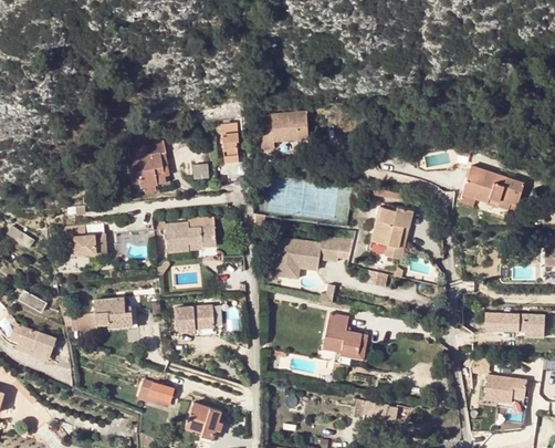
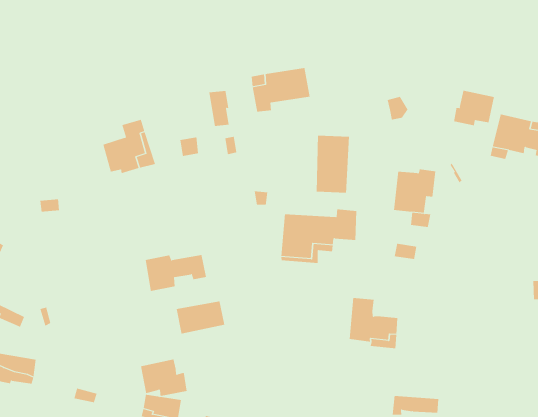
building: none -> [453,90,494,126]
building: none -> [316,135,349,193]
building: [62,226,106,253] -> none
building: [166,226,218,256] -> [145,254,207,291]
building: [94,298,133,329] -> [140,359,188,396]

